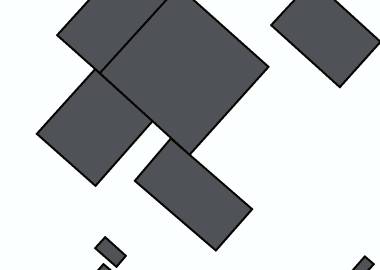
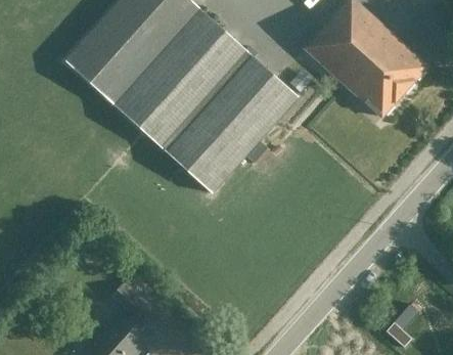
building: [37,69,152,186] -> none
building: [135,138,252,250] -> none

